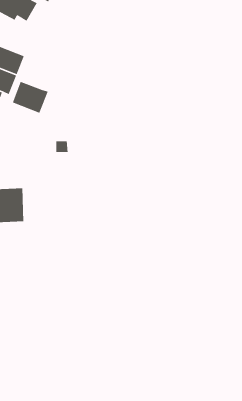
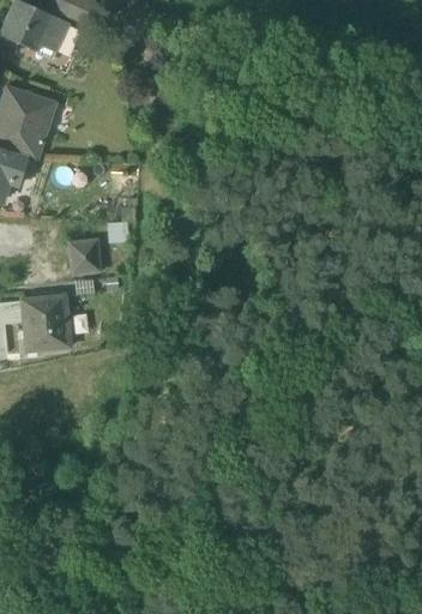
building: [12,81,49,114] -> none
building: none -> [72,241,103,275]

